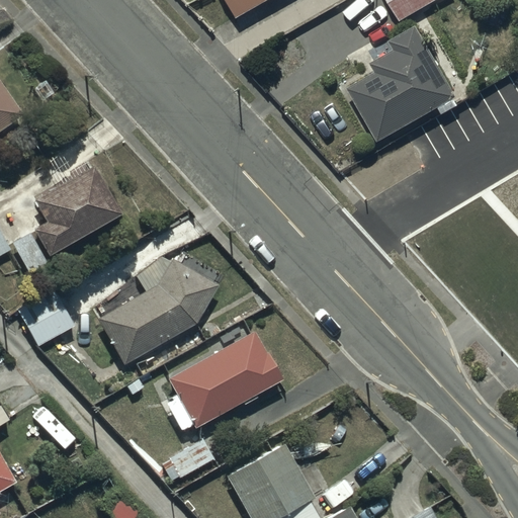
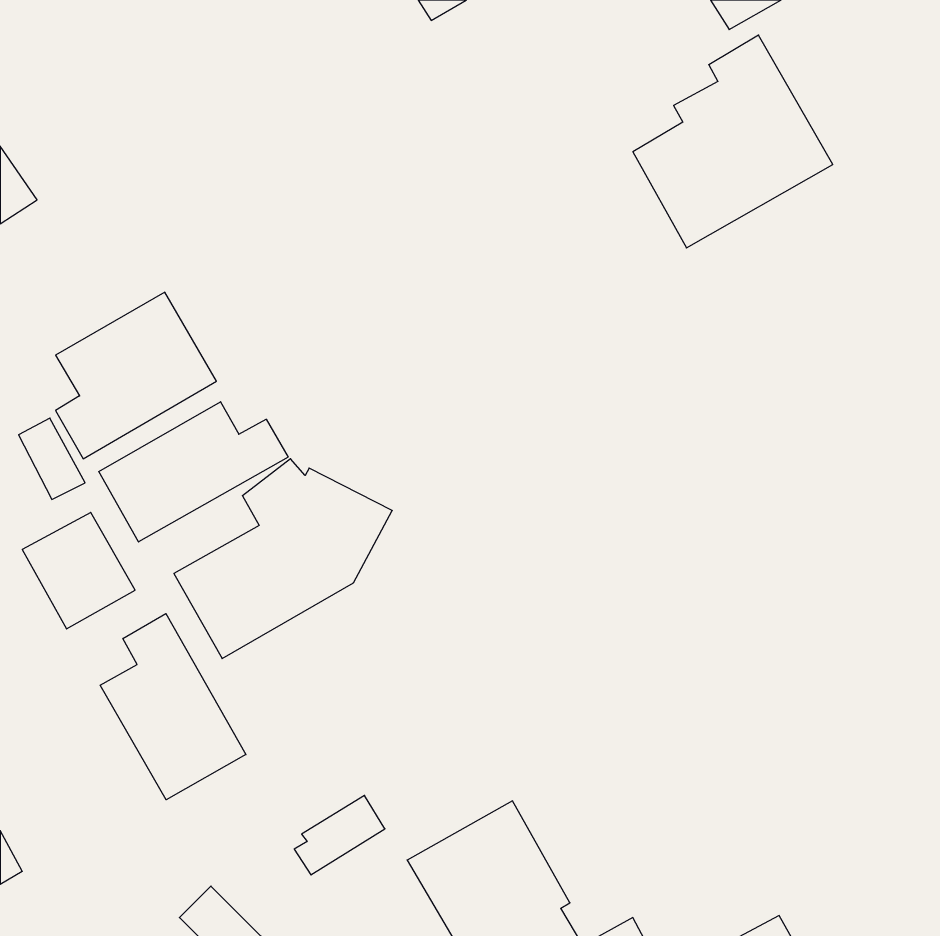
building: none -> [99,402,288,542]
building: [165,330,281,432] -> none
building: none -> [100,614,246,800]

